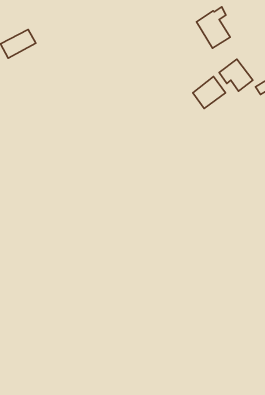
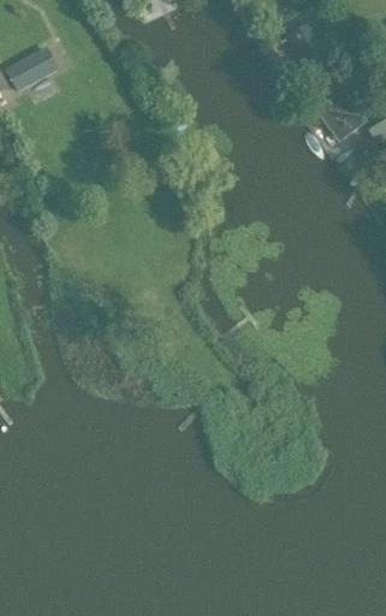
building: [193,77,226,108] -> none

